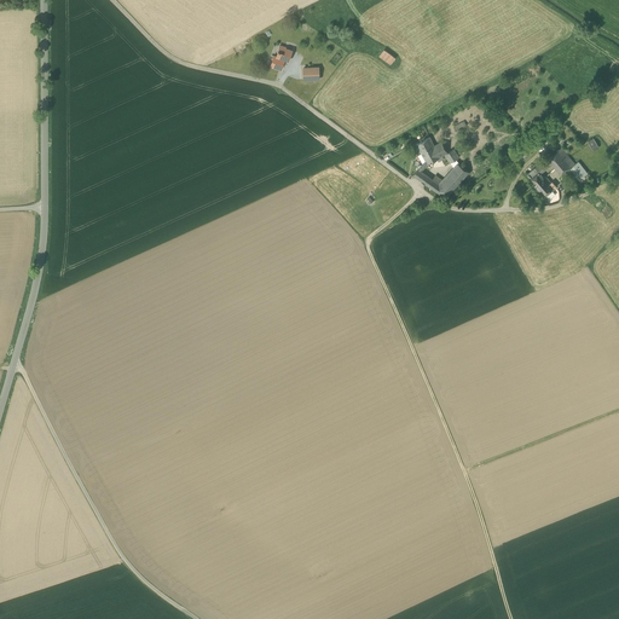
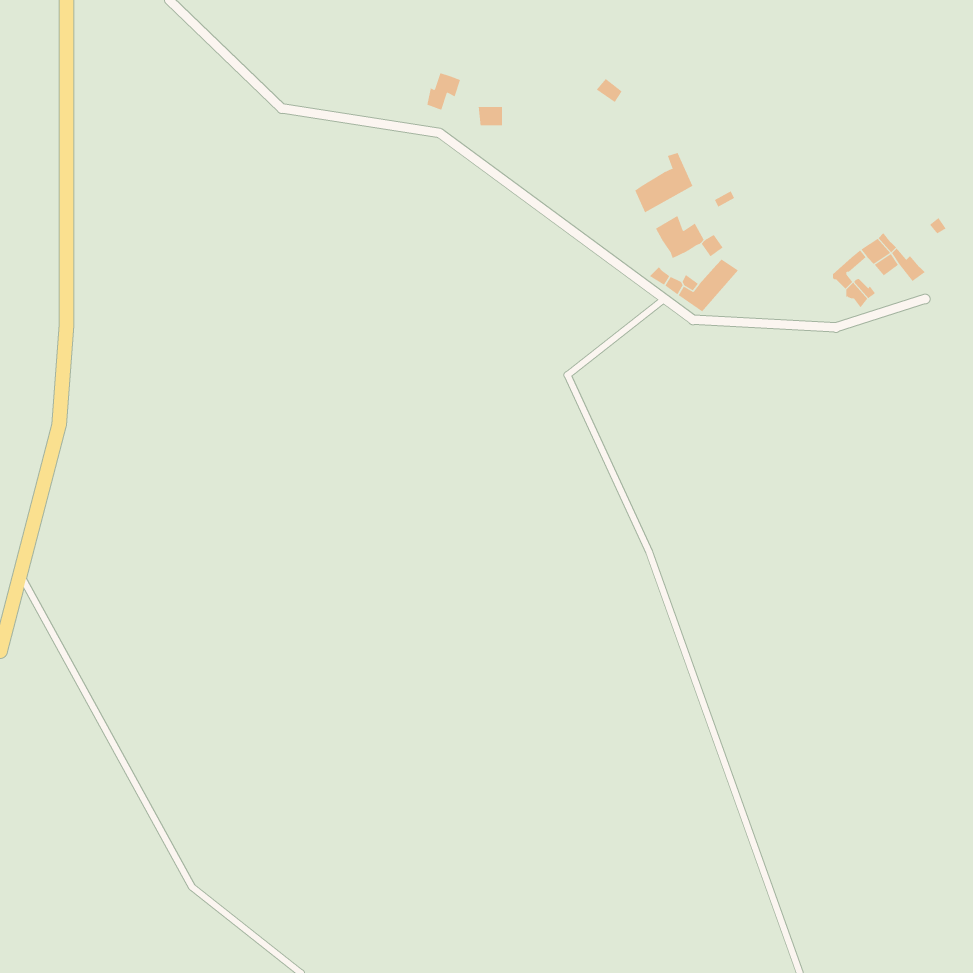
building: none -> [635,152,693,213]

